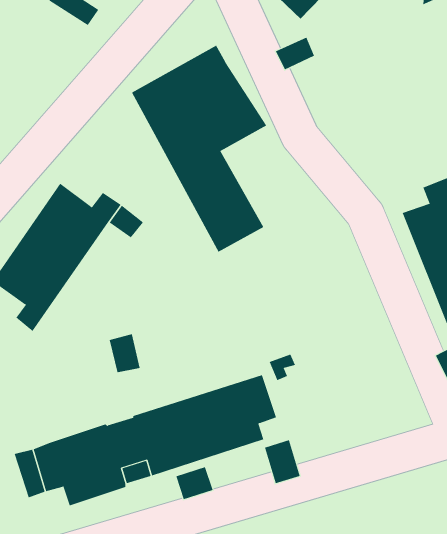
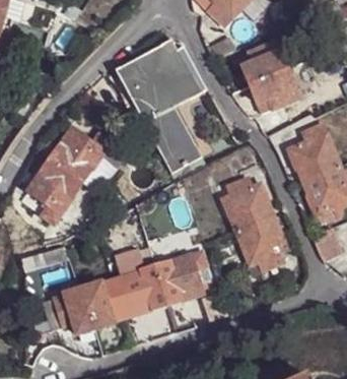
building: none -> [241,40,298,111]
building: none -> [219,177,286,272]

